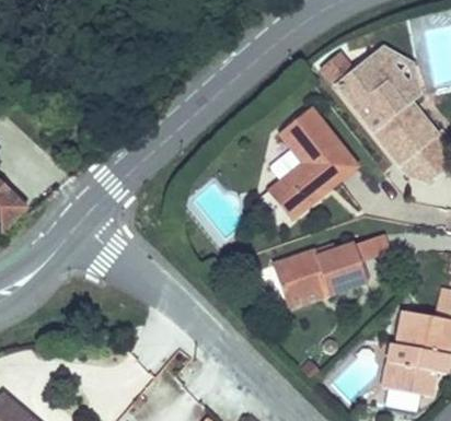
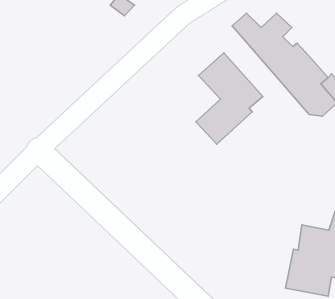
building: [373,46,419,103] -> none
building: [278,236,394,304] -> none

